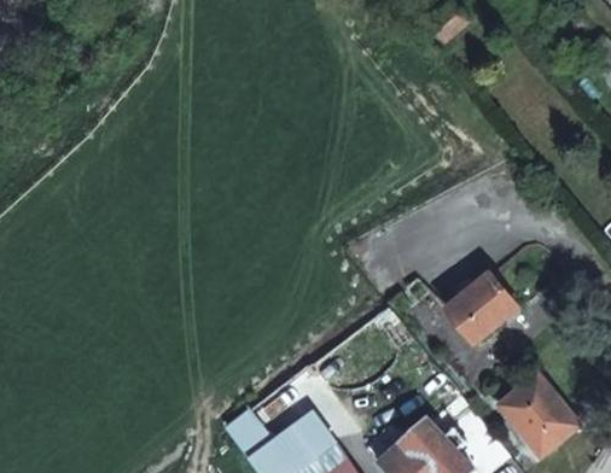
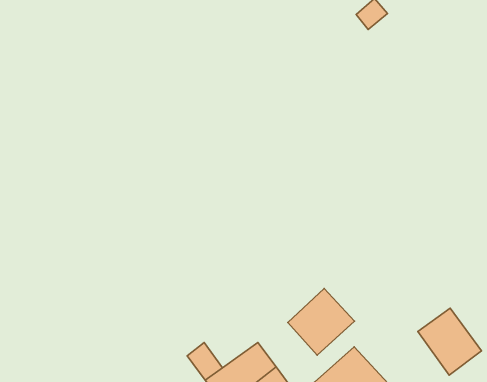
building: [443,275,512,344] -> none
building: none -> [288,288,355,355]

